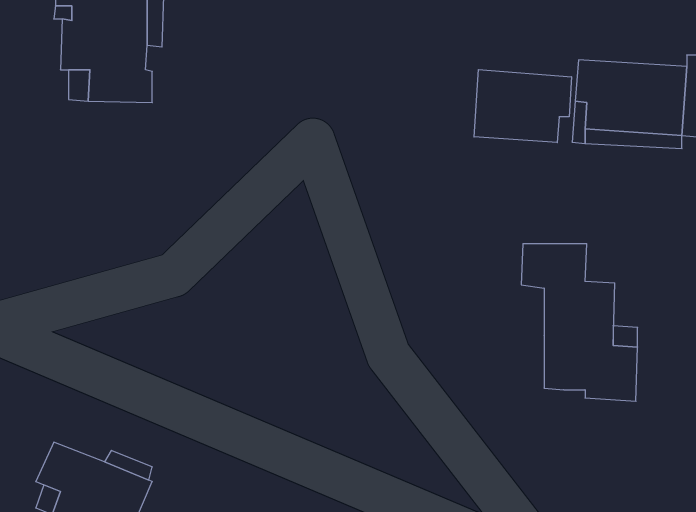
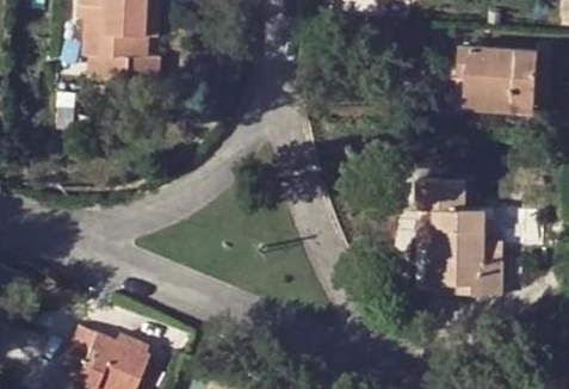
building: [474,70,571,143] -> none

